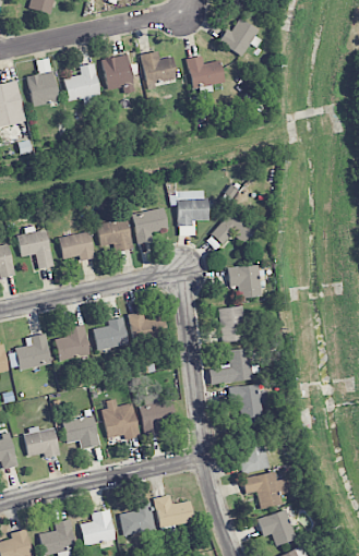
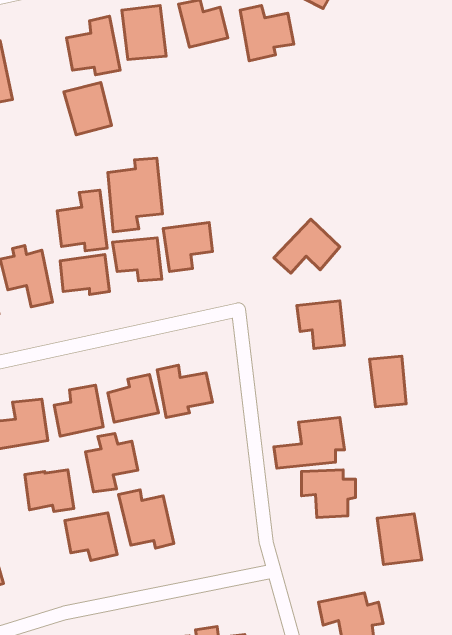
building: [25,71,59,108] -> [64,83,111,135]
building: none -> [108,158,163,232]
building: none -> [57,190,107,251]
building: [177,191,207,227] -> none
building: [218,306,244,342] -> [369,356,406,407]
building: [139,395,176,436] -> [86,433,138,492]
building: [24,428,59,458] -> [25,470,74,511]
building: [237,437,268,473] -> [377,514,422,564]

